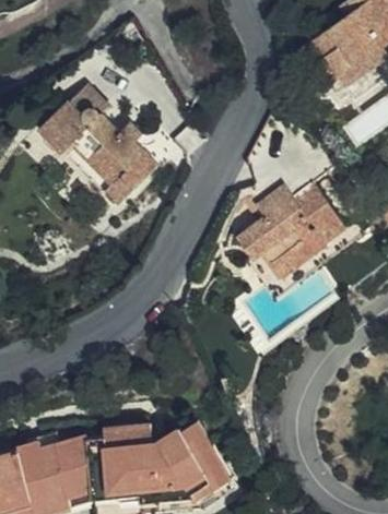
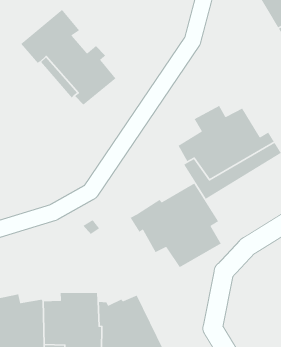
building: none -> [129,183,222,268]

